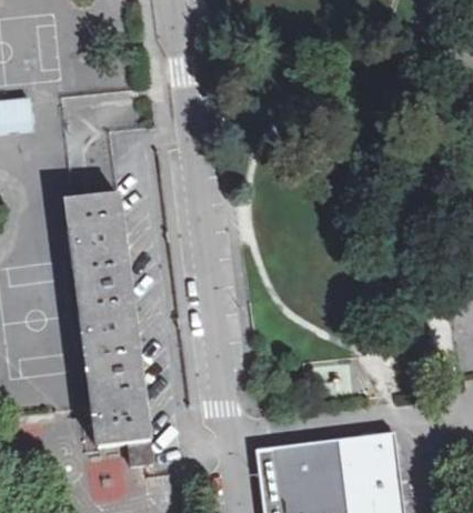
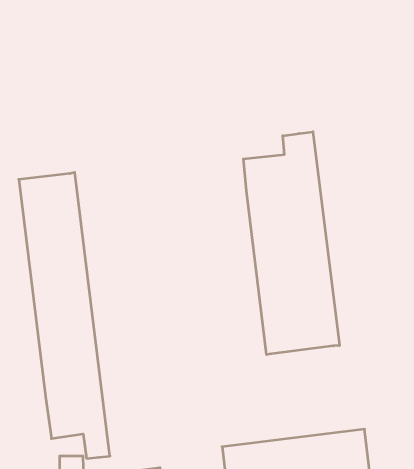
building: none -> [243,132,339,355]

